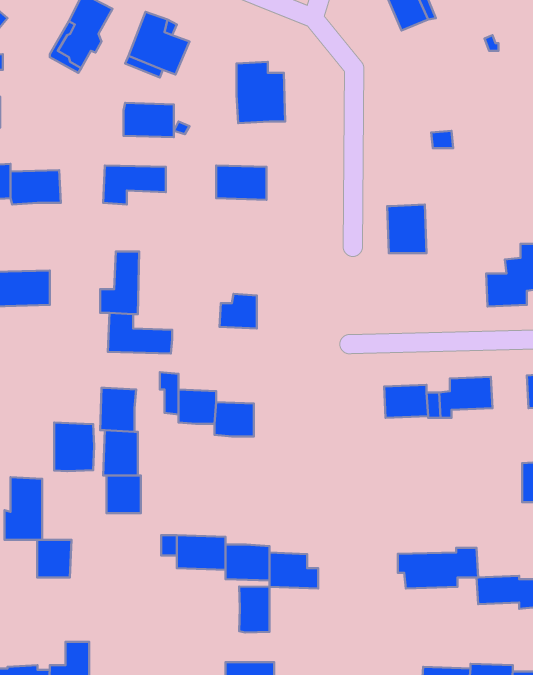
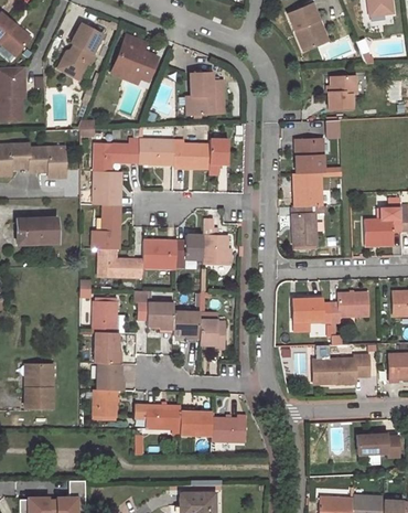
building: none -> [328,75,356,110]
building: [124,103,174,137] -> [139,140,174,164]
building: none -> [210,140,228,174]
building: none -> [296,140,324,173]
building: none -> [94,171,121,205]
building: none -> [292,206,316,246]
building: none -> [202,220,228,263]
building: none -> [143,241,178,268]
building: none -> [200,319,226,348]
building: [54,422,94,471] -> none
building: [37,540,72,578] -> [93,389,117,416]
building: [398,548,478,588] -> [314,355,371,384]
building: [239,586,270,633] -> none

